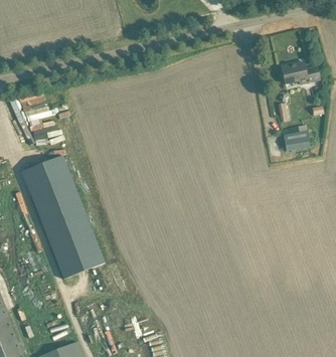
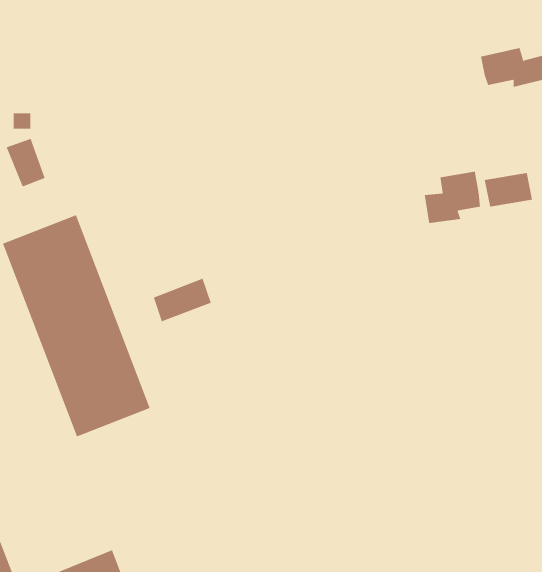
building: none -> [424,171,480,224]
building: none -> [153,278,211,322]

